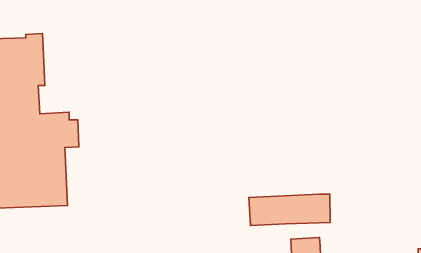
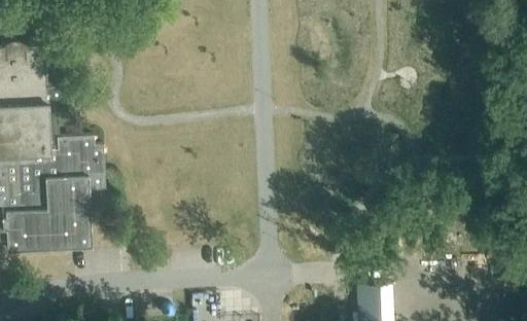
building: [249,194,330,226] -> none

